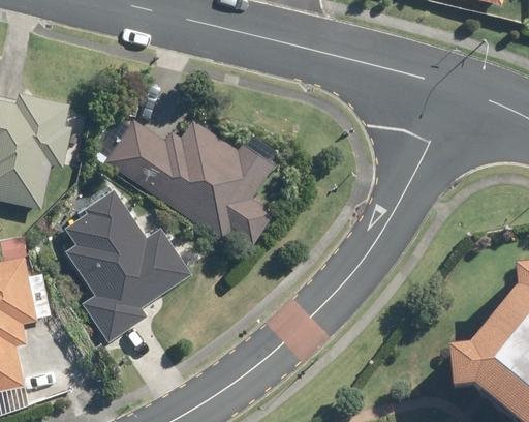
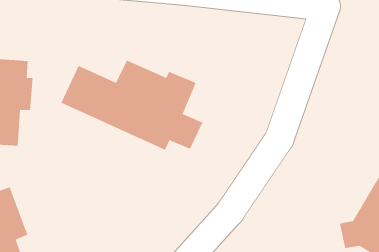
building: [58,189,186,340] -> none

